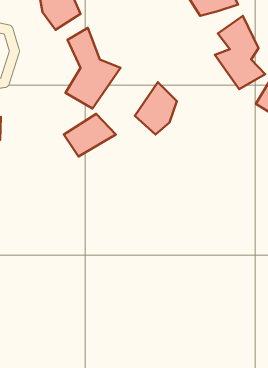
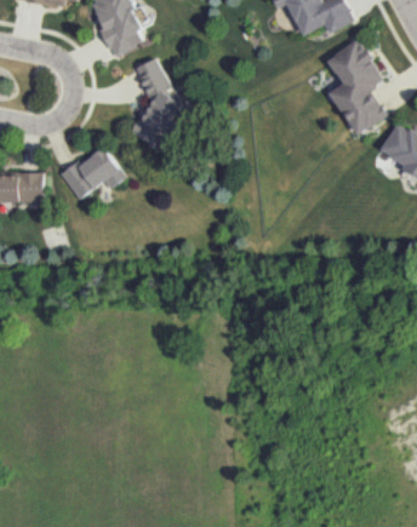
building: [135,82,177,135] -> none
building: [64,114,116,157] -> [59,147,127,202]

